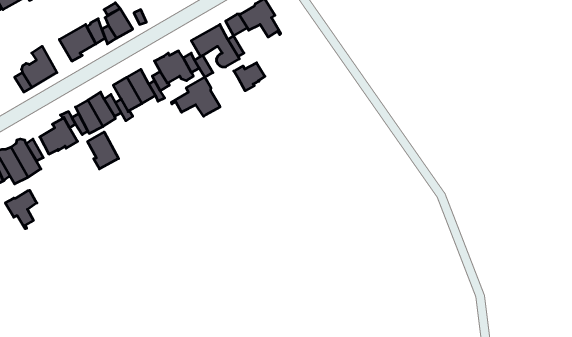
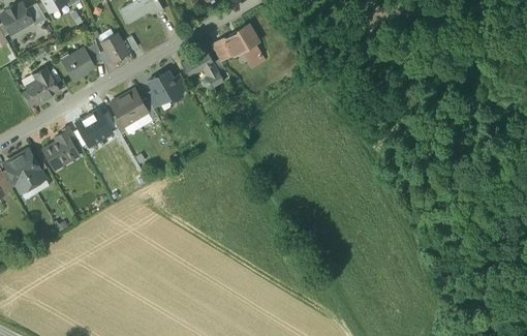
building: [234,63,265,91] -> none
building: [171,77,220,116] -> none
building: [88,132,119,169] -> none
building: [5,190,37,229] -> none

